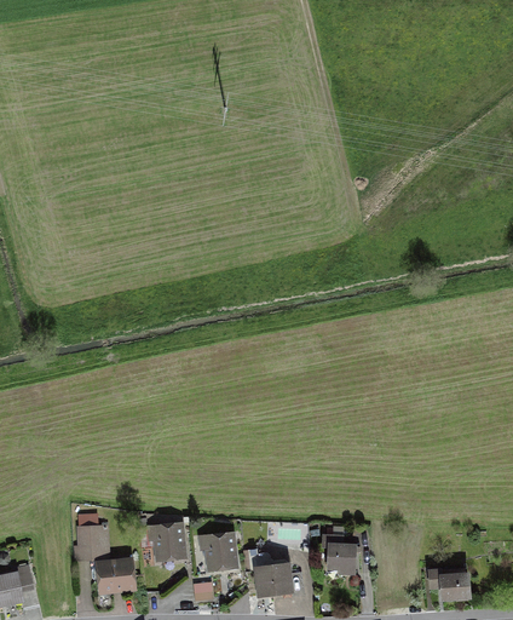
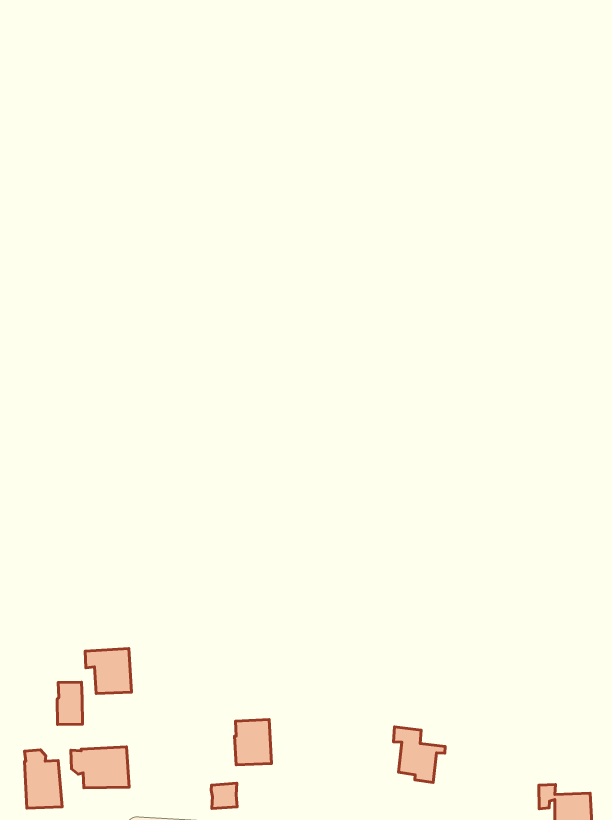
building: [149,524,184,558] -> [85,649,131,694]
building: [256,564,292,595] -> none
building: none -> [24,750,62,808]

